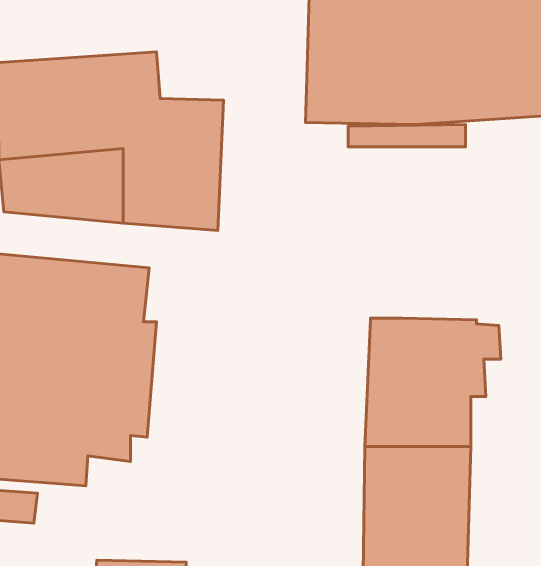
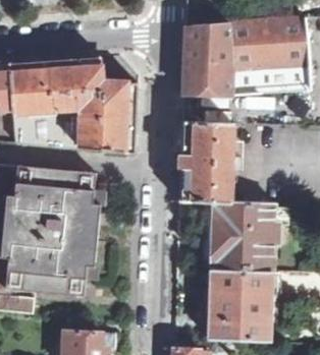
building: none -> [176,120,243,201]

